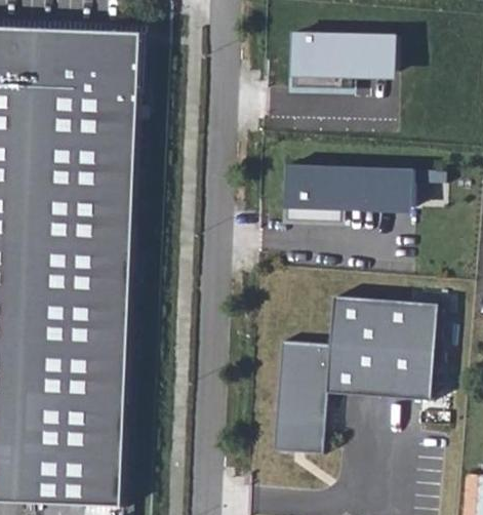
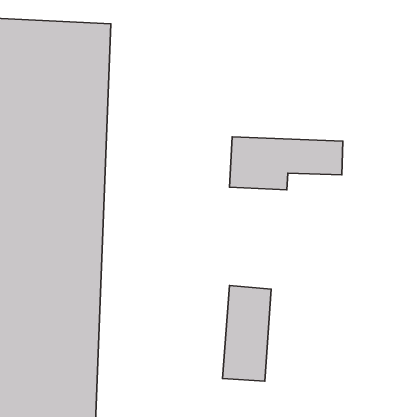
building: [289,31,398,79] -> none
building: [324,294,432,399] -> none

